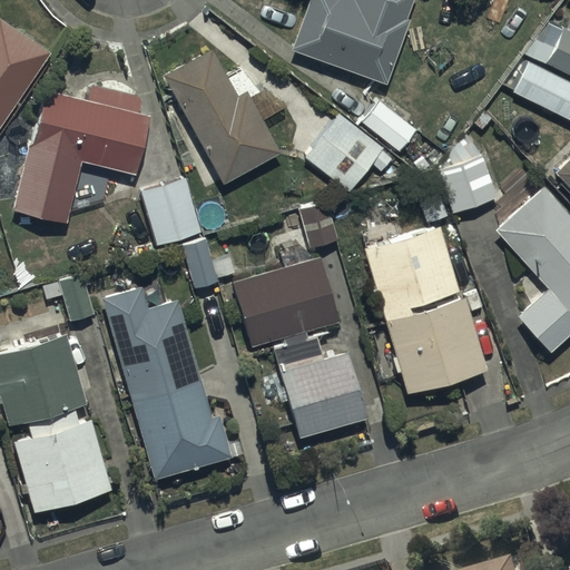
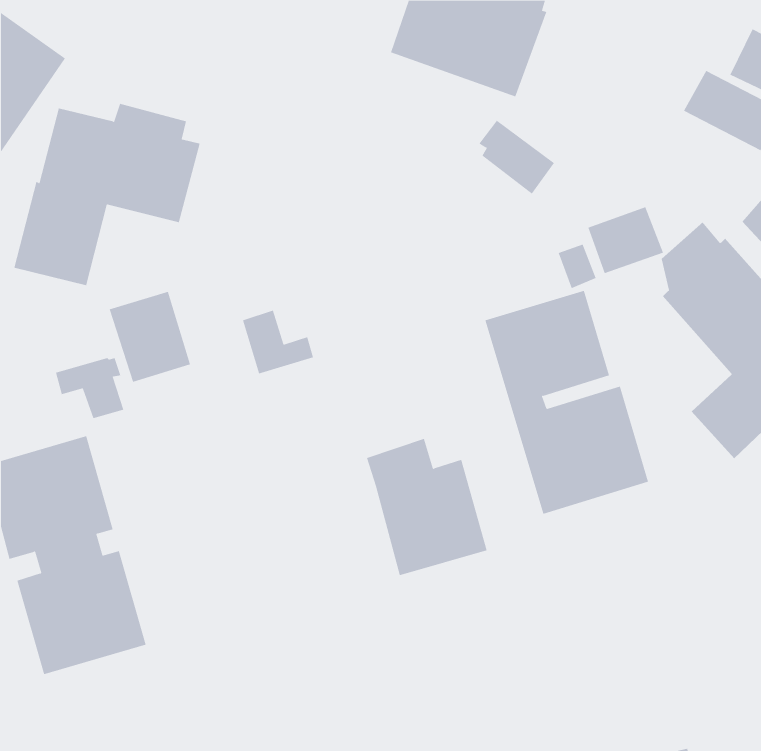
building: [164,50,279,183] -> none
building: [305,115,394,195] -> none
building: [140,179,202,247] -> [109,291,191,382]
building: [233,204,340,347] -> none
building: [102,286,243,480] -> none

